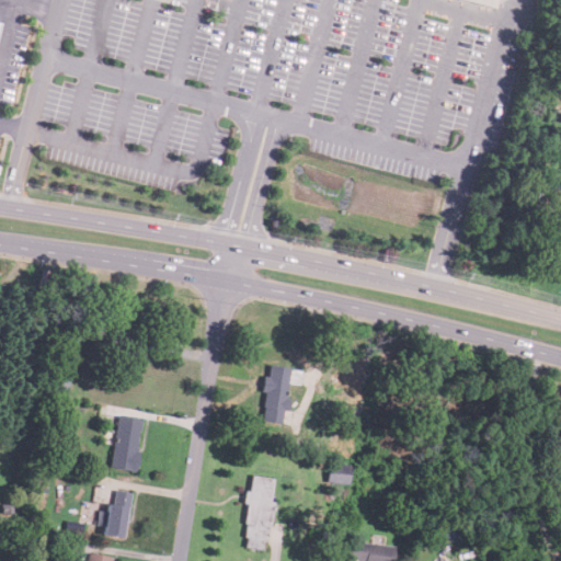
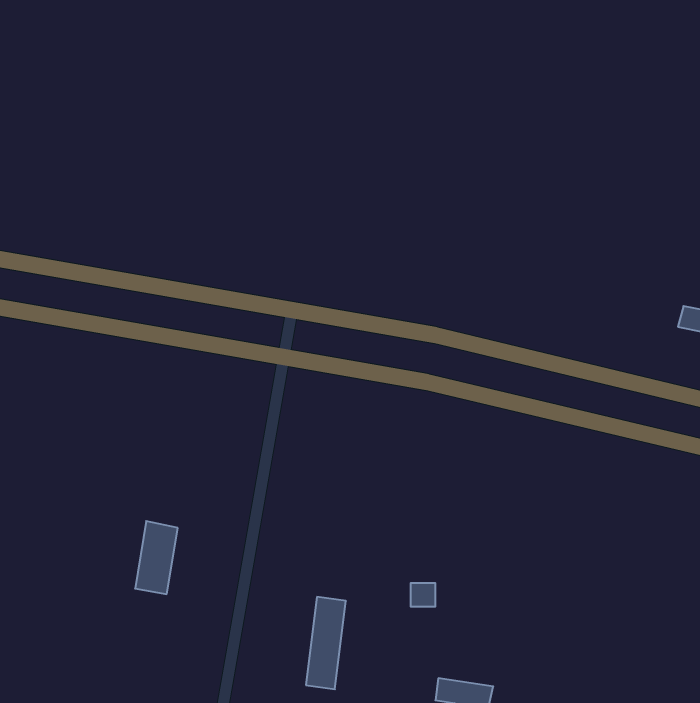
building: [260,365,304,425] -> none
building: [104,490,133,539] -> none

